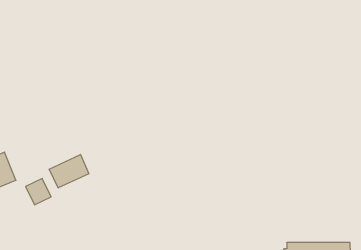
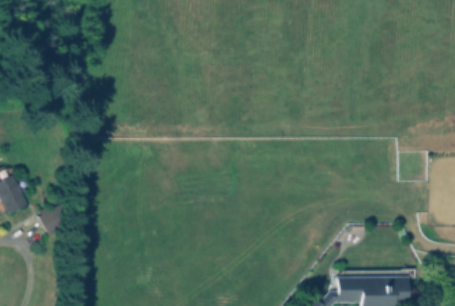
building: [49,154,89,188] -> none

